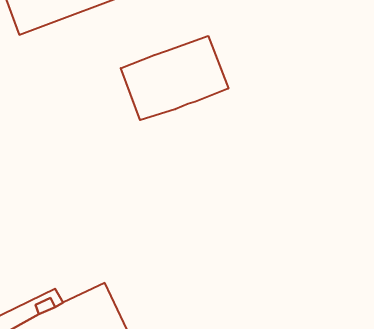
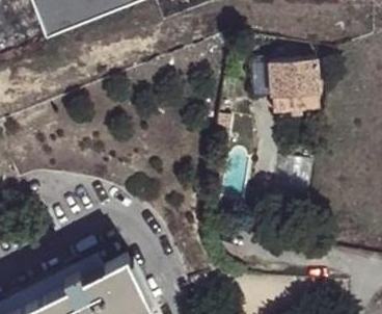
building: [121,36,228,120] -> none
building: none -> [269,59,318,114]

